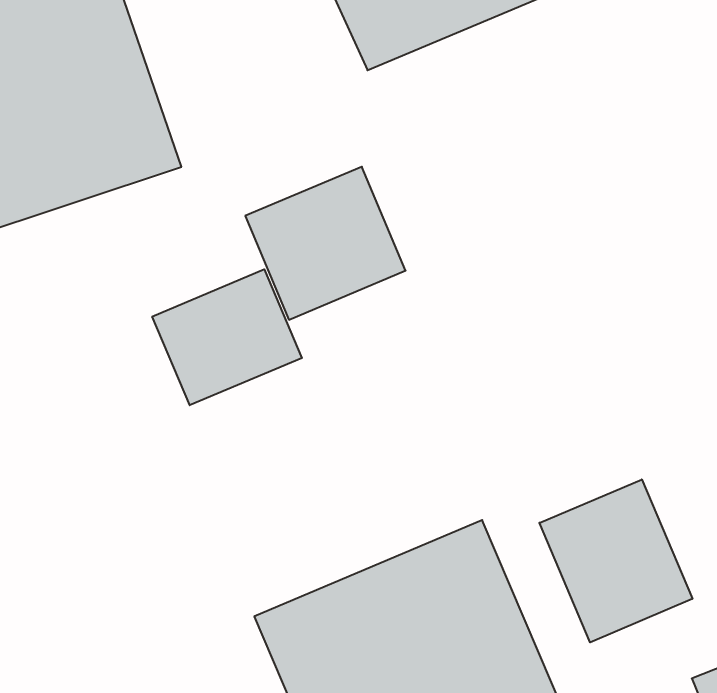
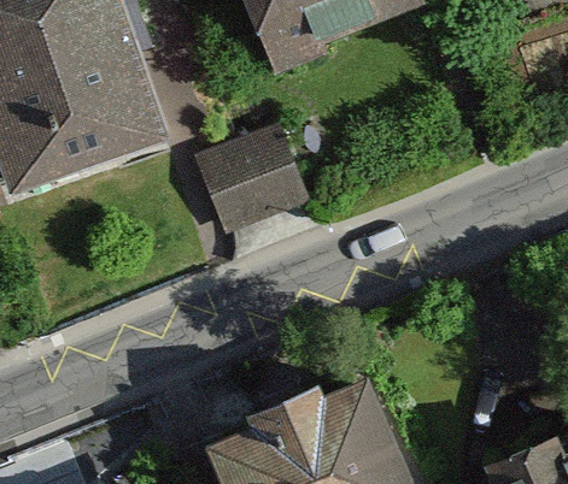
building: [152,269,302,405] -> none
building: [539,479,692,642] -> none

